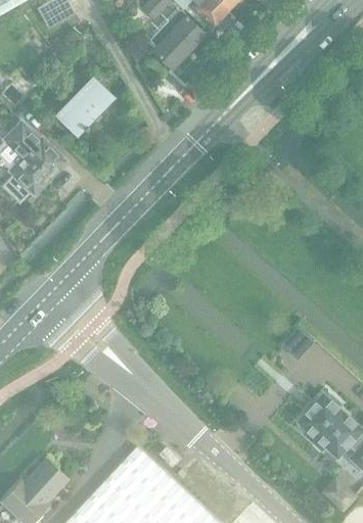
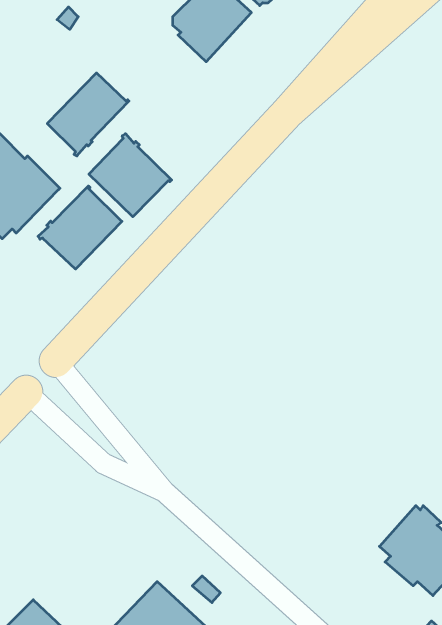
building: none -> [89,134,172,217]
building: none -> [38,186,122,269]

